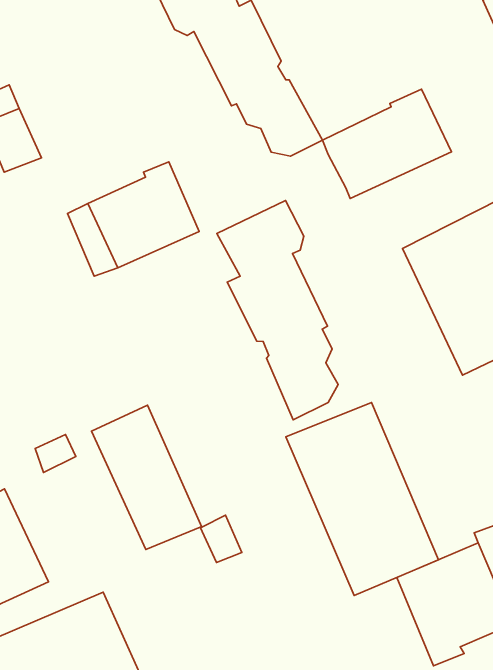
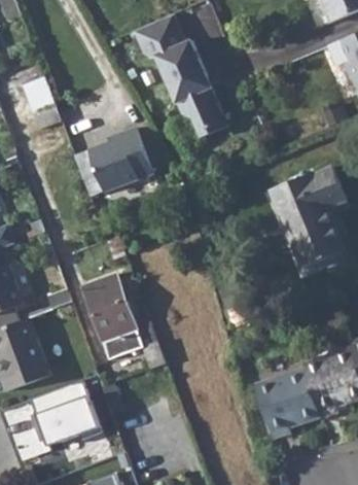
building: [323,89,452,199] -> none
building: [217,201,338,420] -> none
building: [286,403,438,596] -> none

